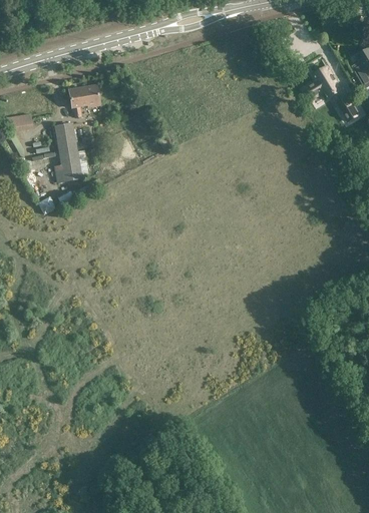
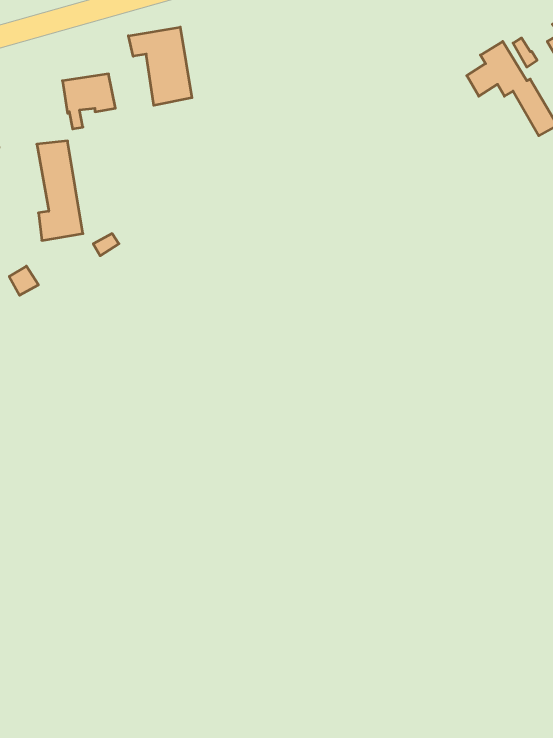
building: none -> [128,27,192,105]

